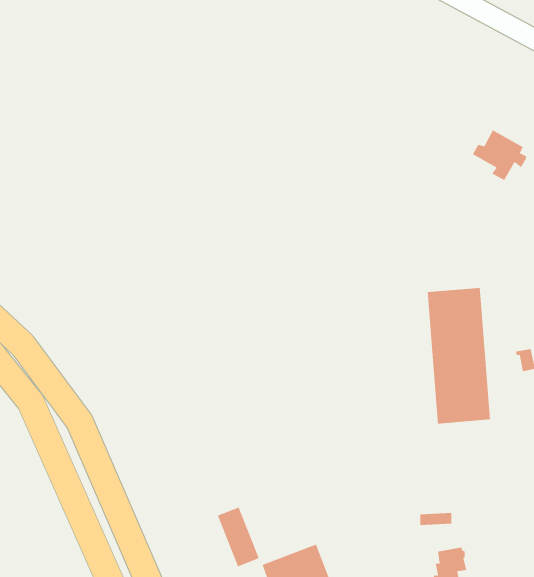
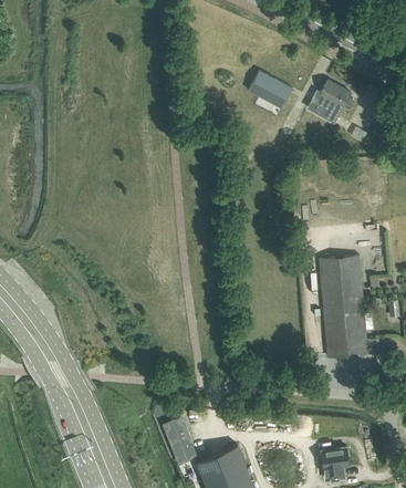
building: none -> [248,72,292,110]
building: [472,129,527,181] -> [312,81,353,120]

